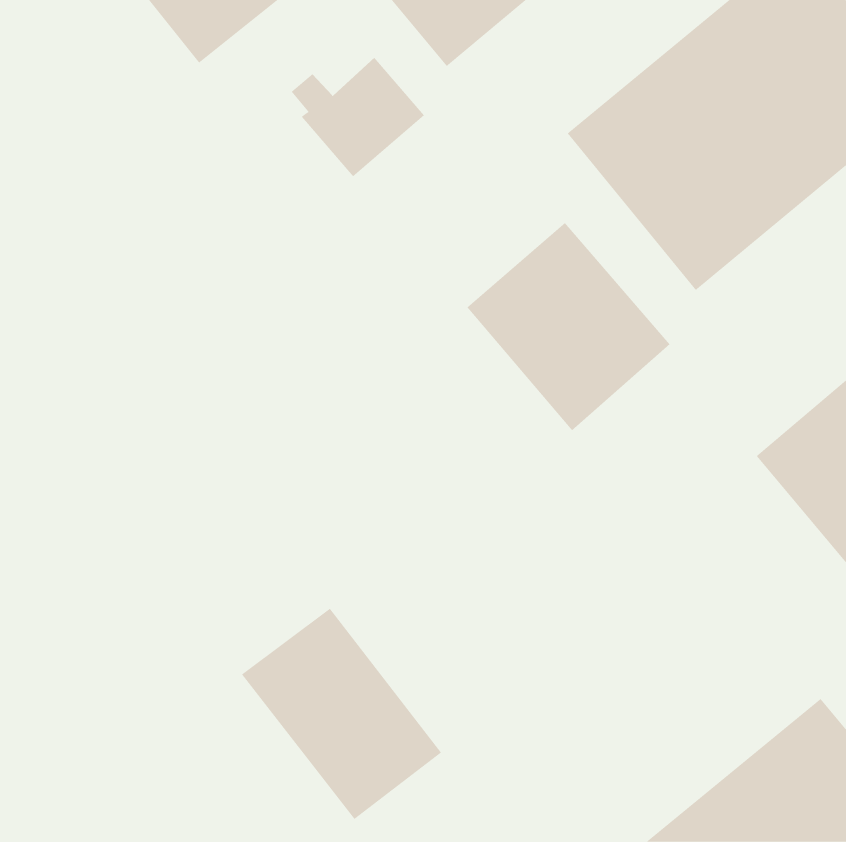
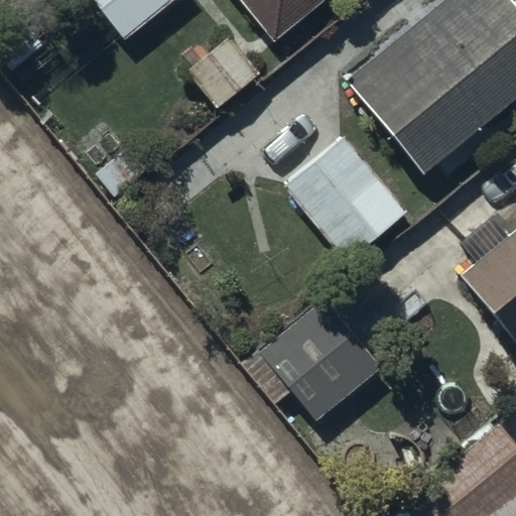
building: none -> [243,296,384,421]
building: [241,608,442,820] -> none

